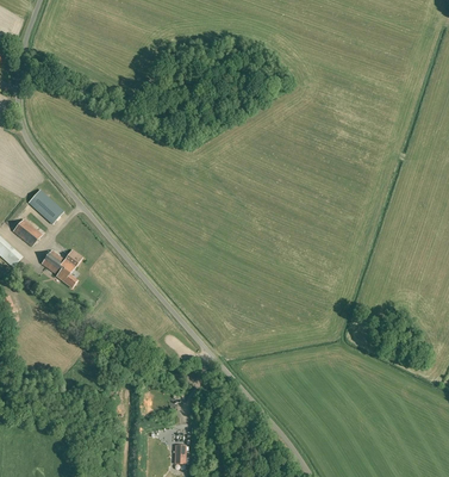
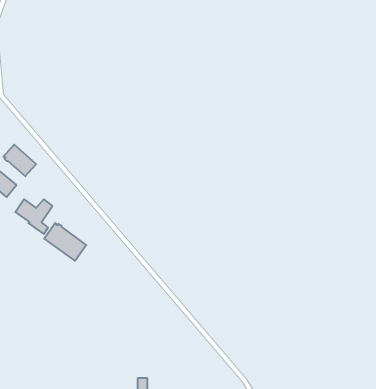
building: none -> [44,223,86,261]

